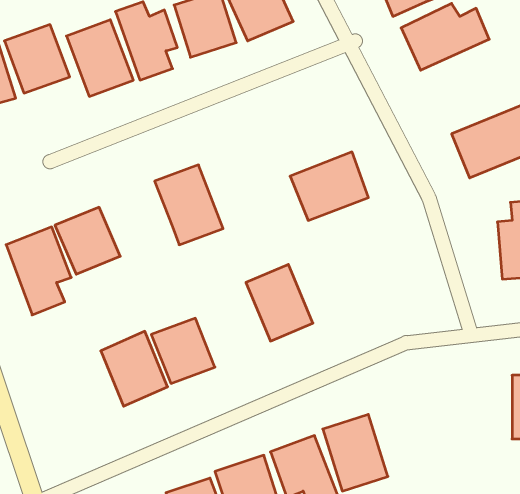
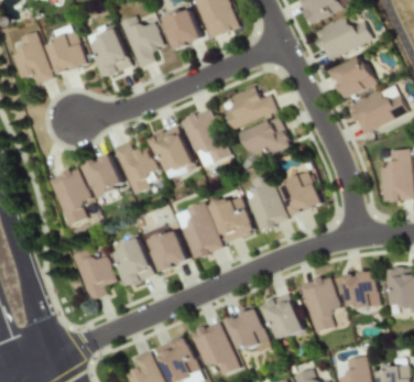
building: none -> [330,54,377,98]
building: none -> [222,85,276,128]
building: none -> [179,108,226,166]
building: none -> [111,140,156,194]
building: none -> [280,172,320,215]
building: none -> [244,173,287,231]
building: none -> [173,201,221,260]
building: none -> [72,247,116,301]
building: none -> [344,270,379,308]
building: none -> [298,274,340,332]

